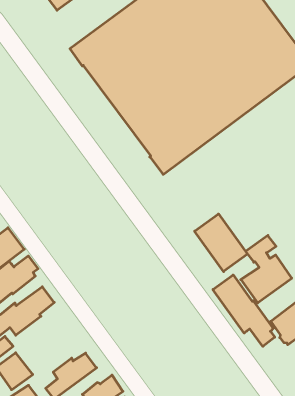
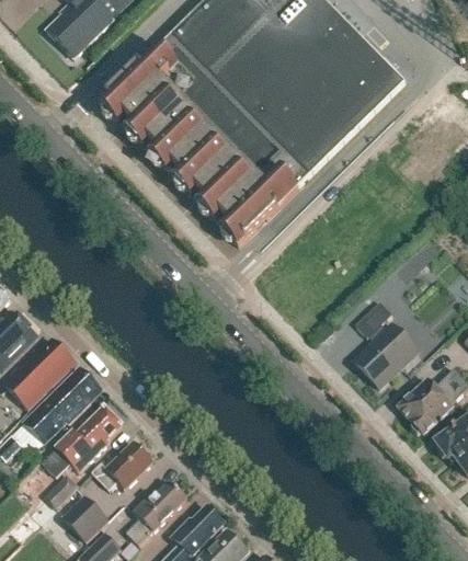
building: [195,214,248,272] -> none
building: [213,275,275,346] -> none
building: none -> [94,442,155,488]

